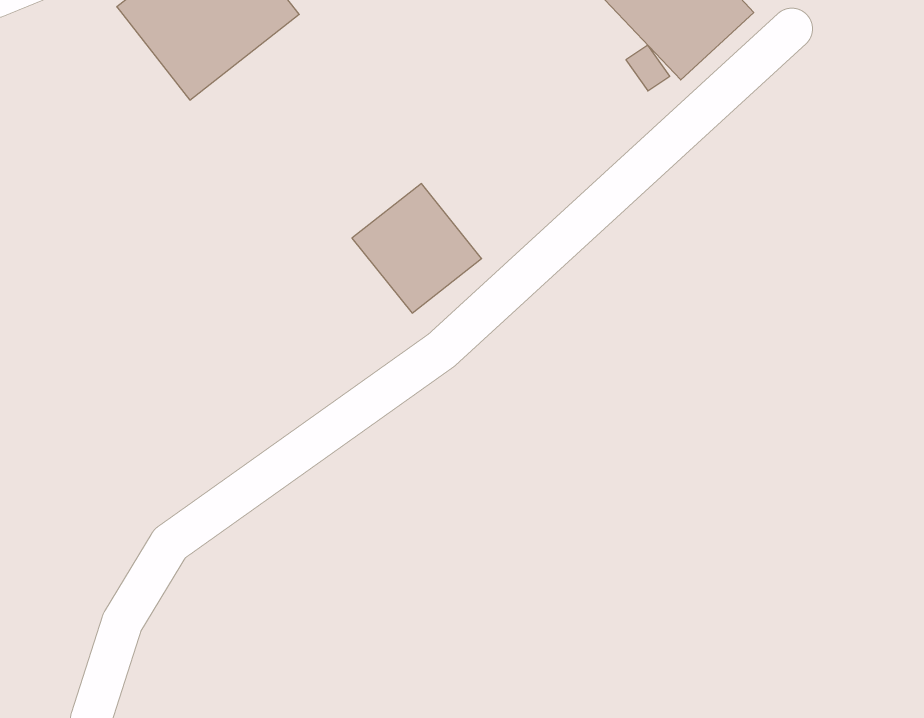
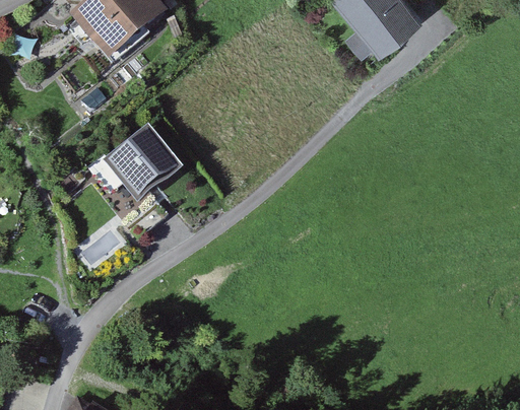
building: [352,184,482,313] -> [106,130,178,202]

